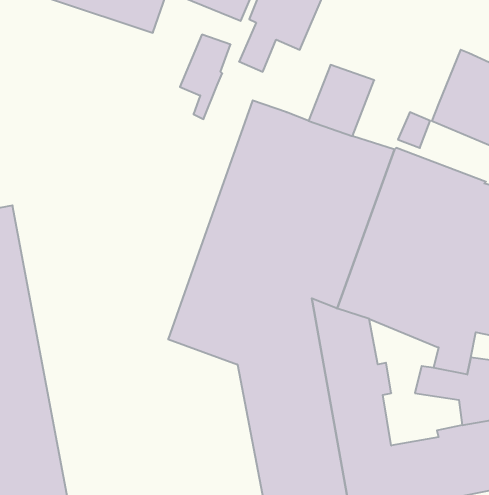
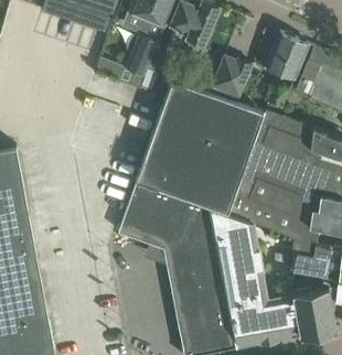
building: none -> [265,34,308,82]

